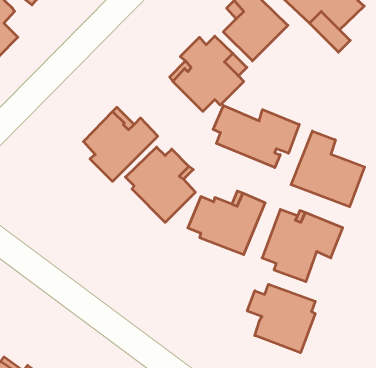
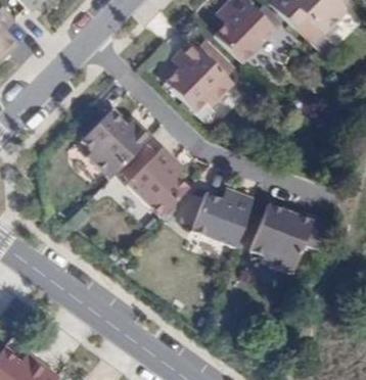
building: [213,105,299,168] -> none
building: [291,131,365,207] -> none
building: [247,284,315,353] -> none

